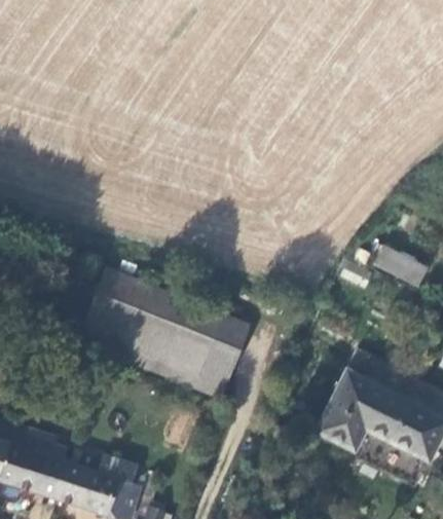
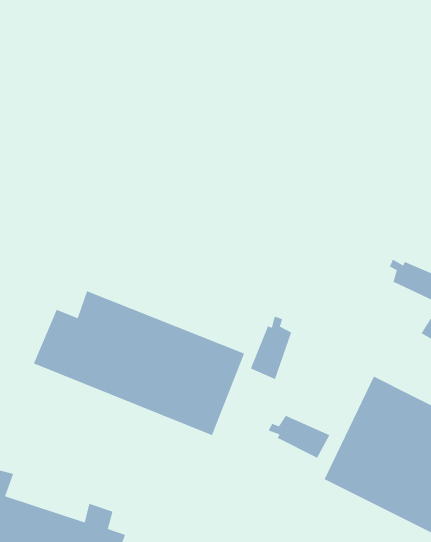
building: none -> [250,315,292,380]
building: none -> [268,415,331,459]

